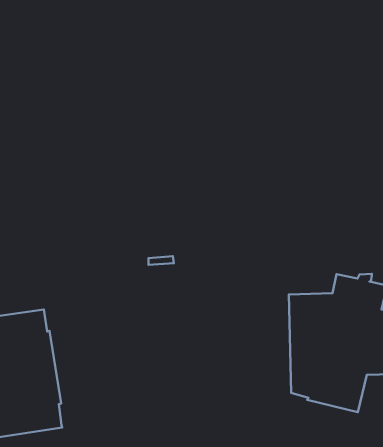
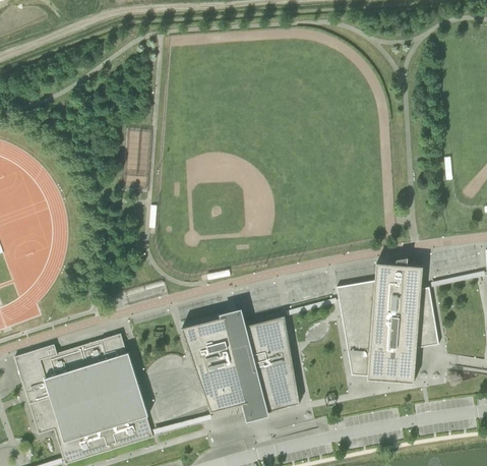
building: none -> [181,315,299,413]

